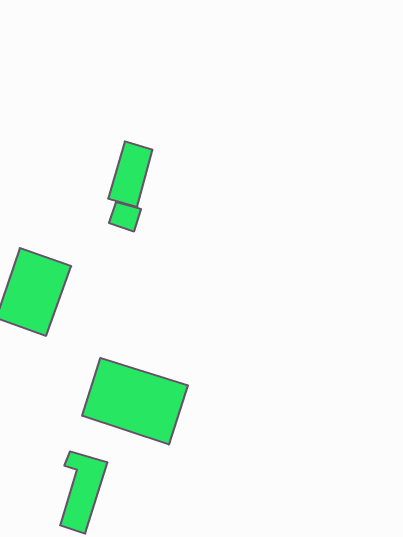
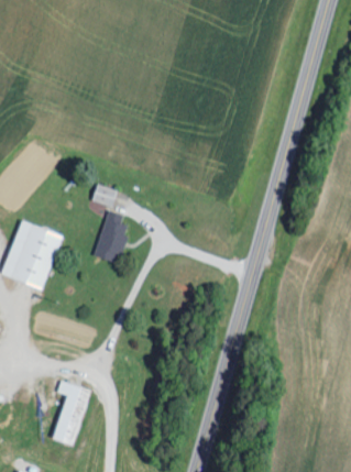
building: [108,141,153,207] -> [92,210,128,262]
building: [82,358,188,445] -> none

